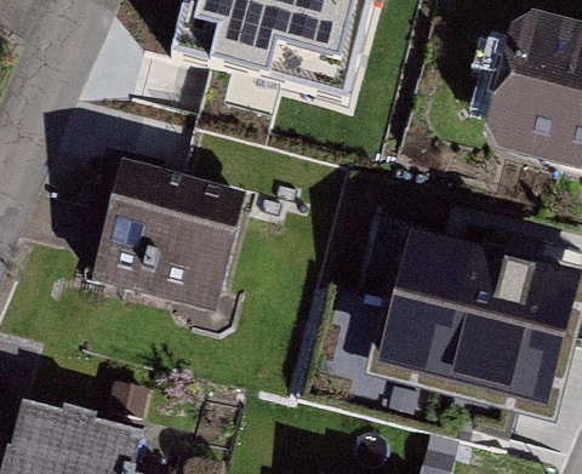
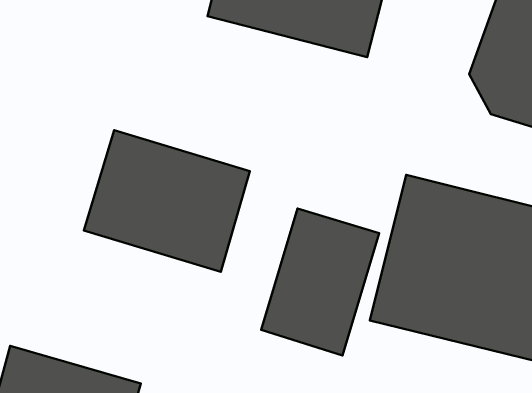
building: none -> [261,209,379,355]

